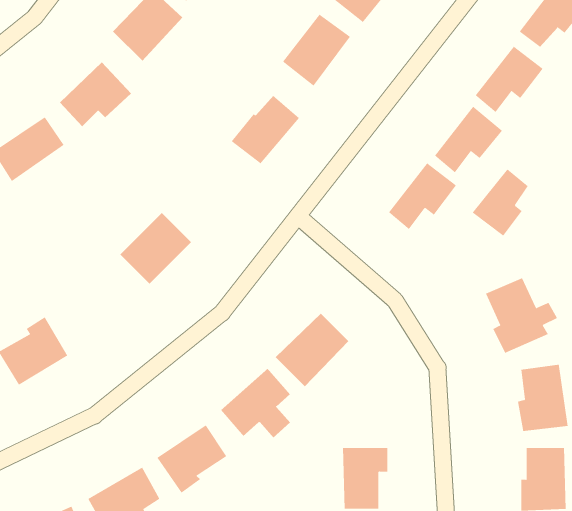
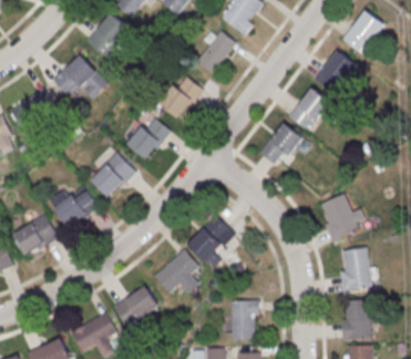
building: none -> [130,120,172,164]
building: [472,169,528,237] -> none
building: none -> [50,186,99,226]

